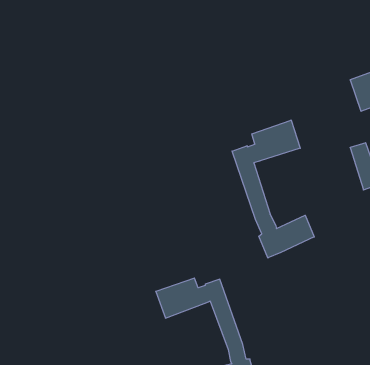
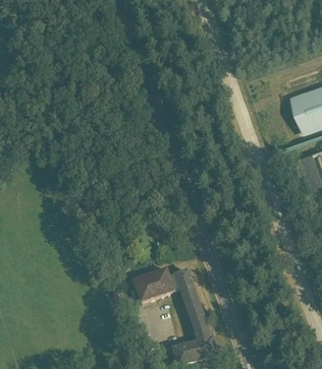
building: [232,120,314,258] -> none

